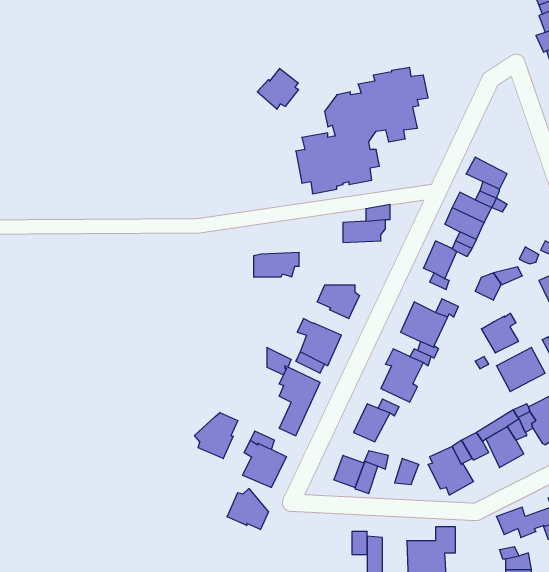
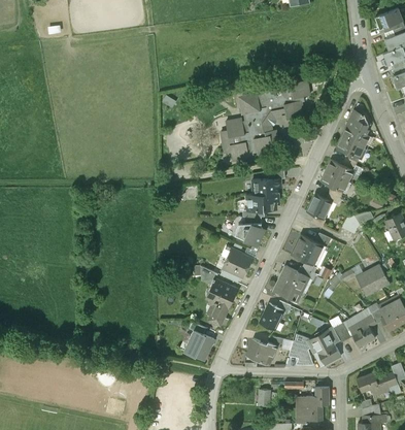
building: [257,68,299,109] -> none
building: none -> [342,109,369,147]
building: [254,253,299,277] -> [247,193,278,209]
building: [481,313,518,353] -> none
building: [195,412,238,459] -> none
building: [227,489,268,530] -> none

